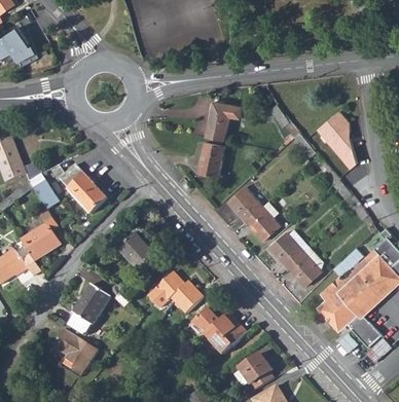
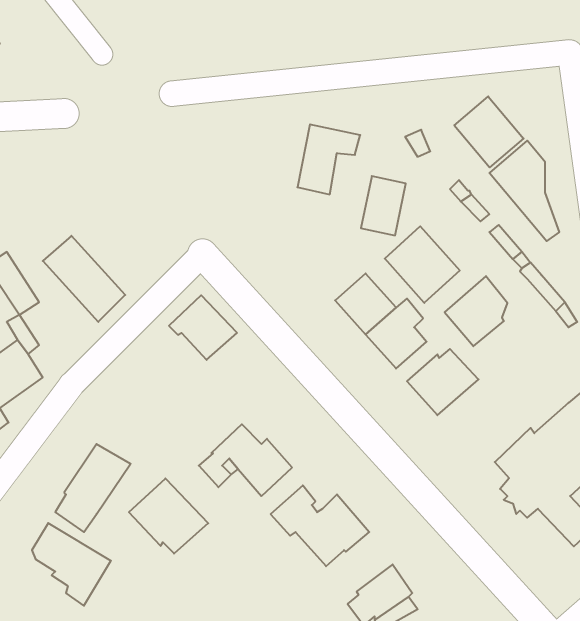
building: none -> [454,96,524,167]
building: [197,141,223,175] -> [361,176,406,235]
building: none -> [385,226,460,303]
building: [114,232,153,269] -> [169,295,237,360]
building: [285,246,321,286] -> [445,276,507,346]
building: none -> [129,478,208,554]

